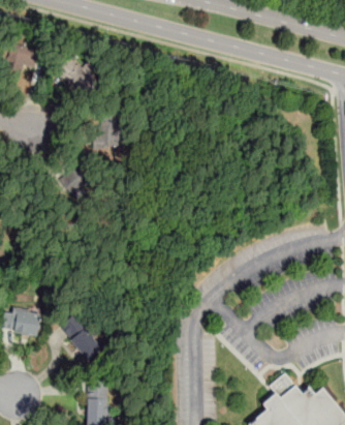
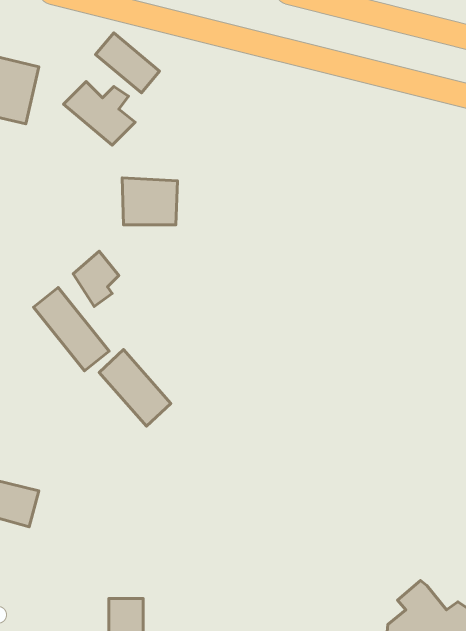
building: none -> [96,33,160,93]
building: none -> [34,288,109,371]
building: [59,312,104,361] -> [99,350,171,426]

